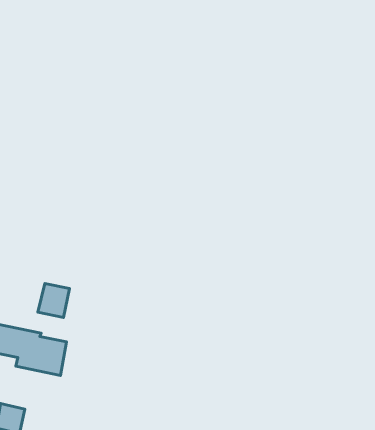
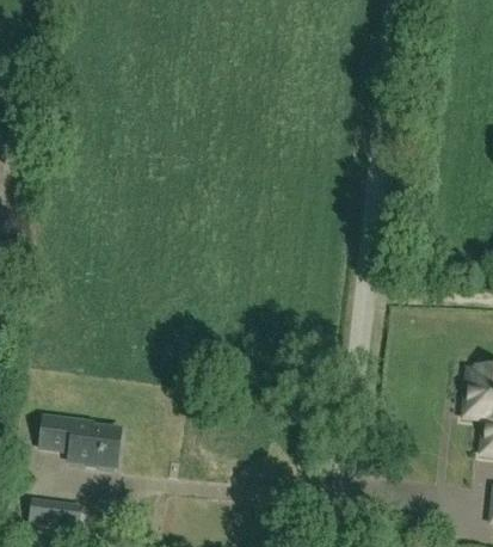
building: [38,284,69,318] -> none

